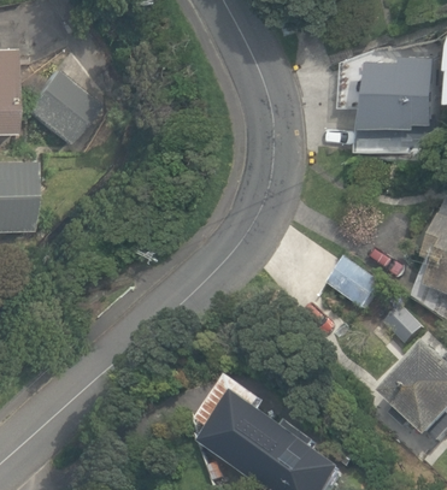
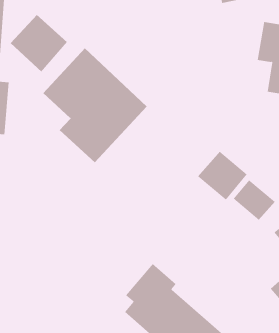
building: none -> [43,48,148,163]
building: none -> [197,151,248,200]

